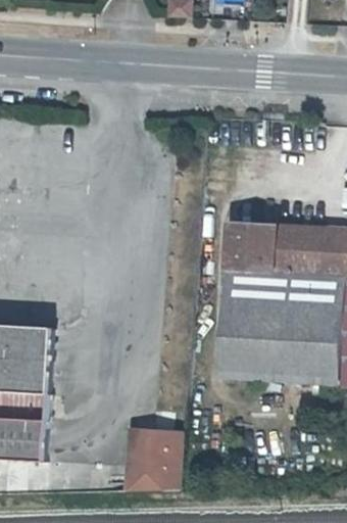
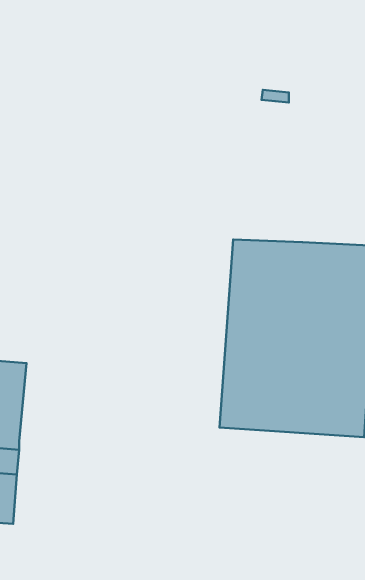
building: [118,427,179,491] -> none

